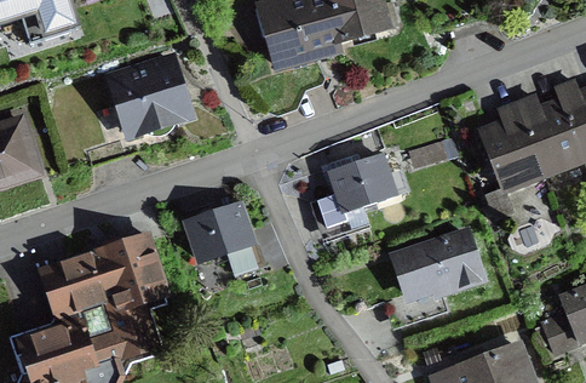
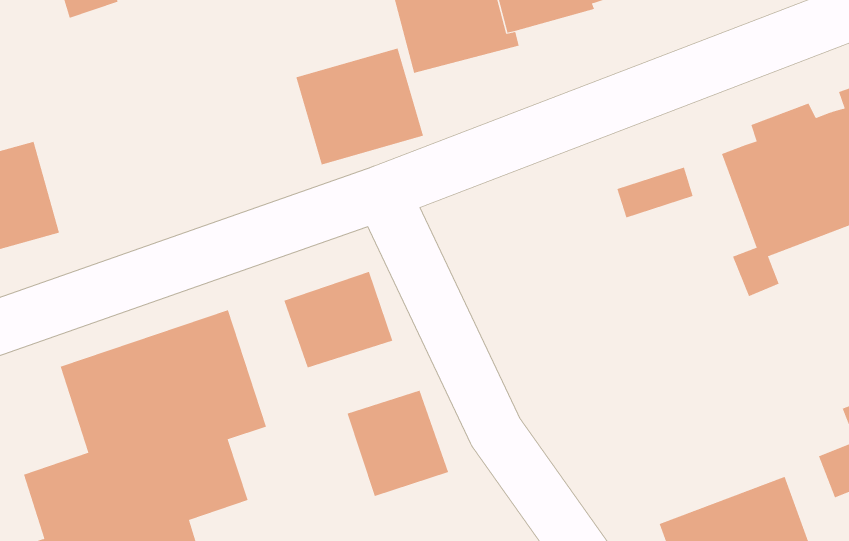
building: [107,56,191,133] -> [296,48,424,165]
building: [326,152,393,216] -> none
building: [387,233,481,305] -> none
building: none -> [347,390,449,497]

